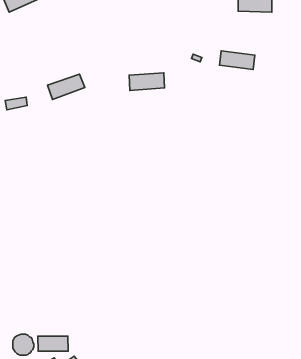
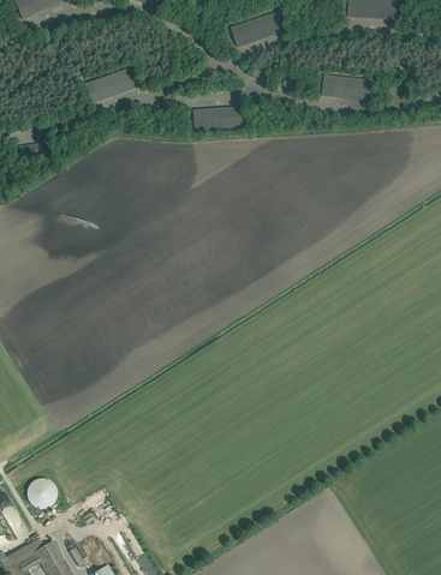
building: none -> [230,12,282,47]
building: [48,74,85,99] -> [84,67,137,103]
building: [38,336,68,351] -> none

